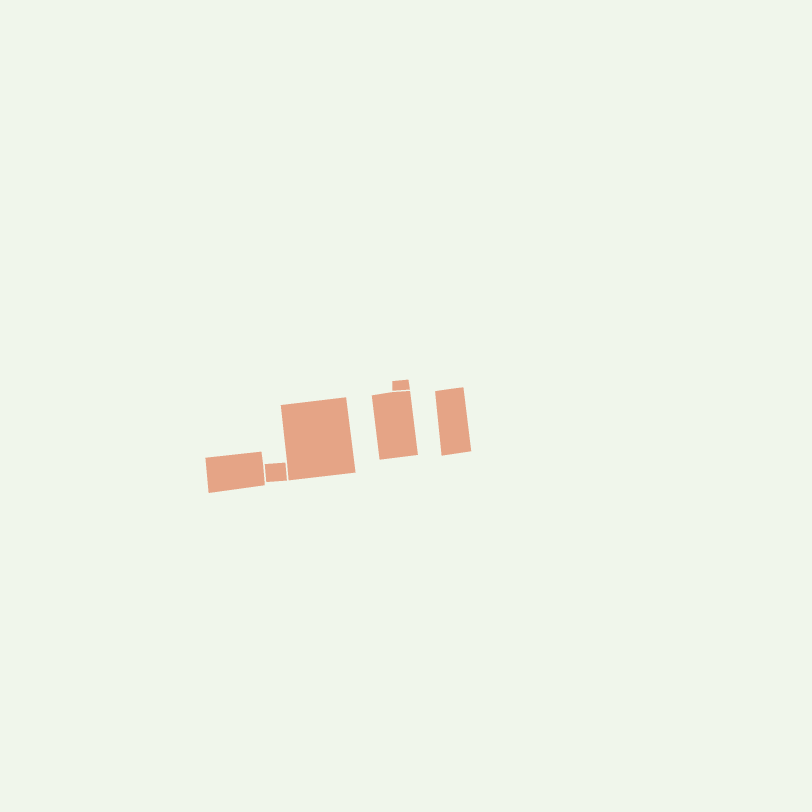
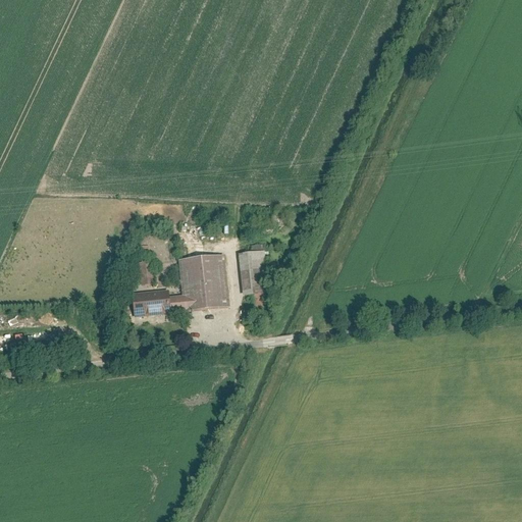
building: [434,387,472,457] -> none

